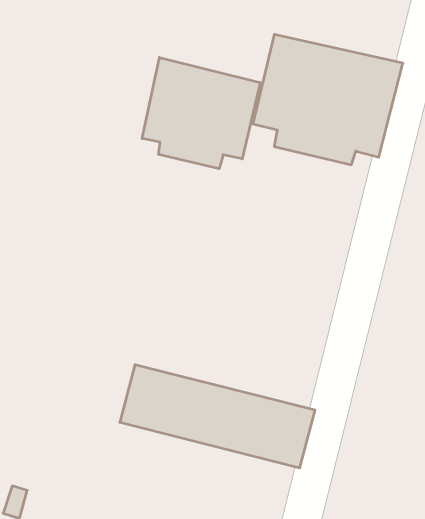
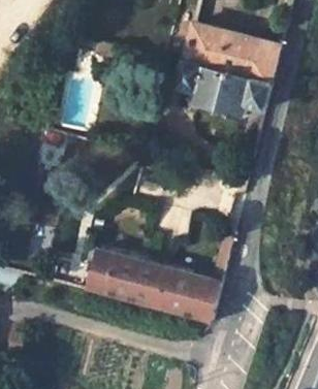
building: [142,57,260,169] -> none

